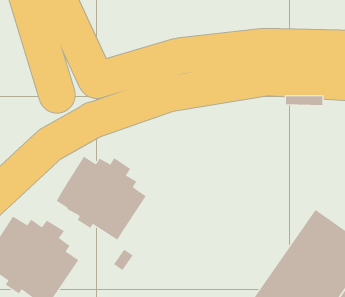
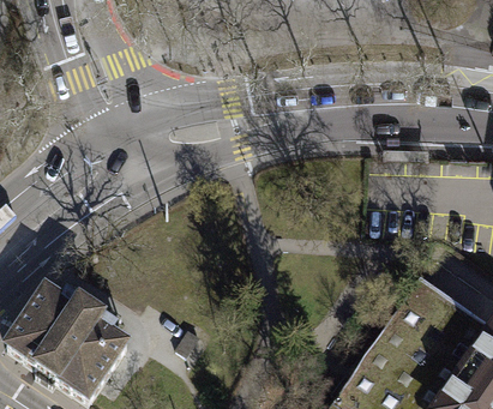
building: [56,156,146,241] -> none

